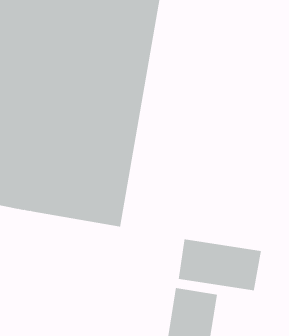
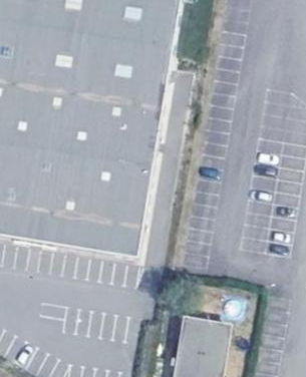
building: [178,238,262,291] -> none

